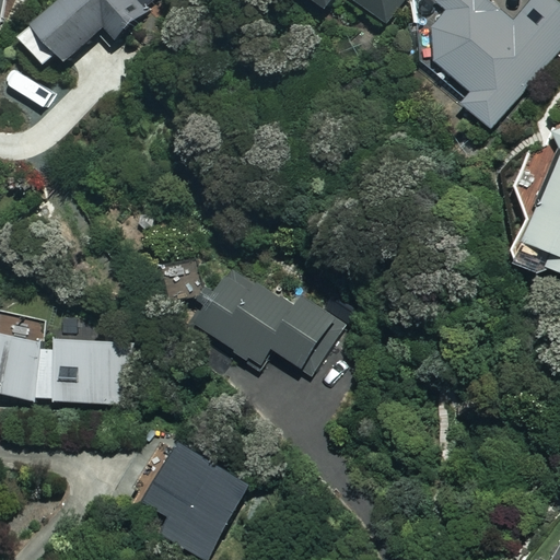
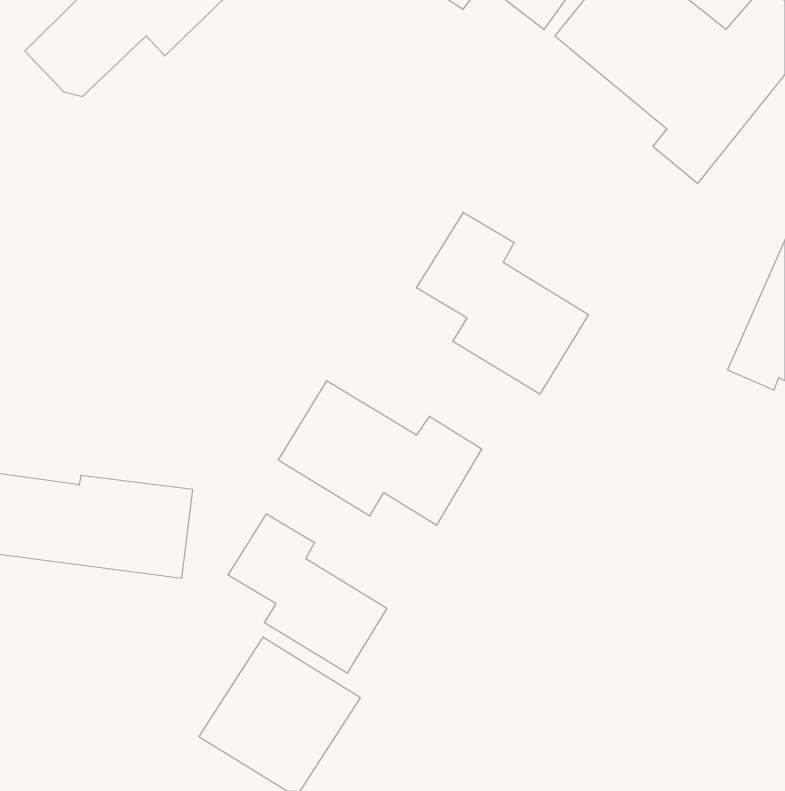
building: none -> [416,212,588,394]
building: none -> [228,514,387,673]

